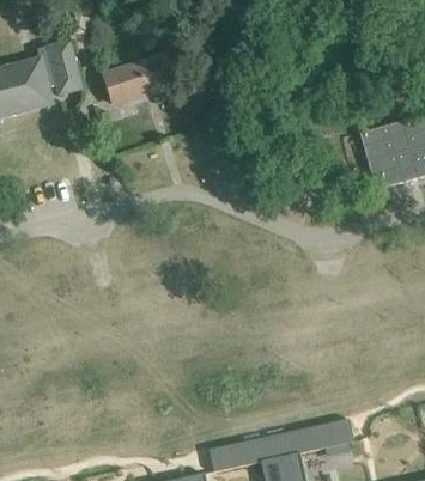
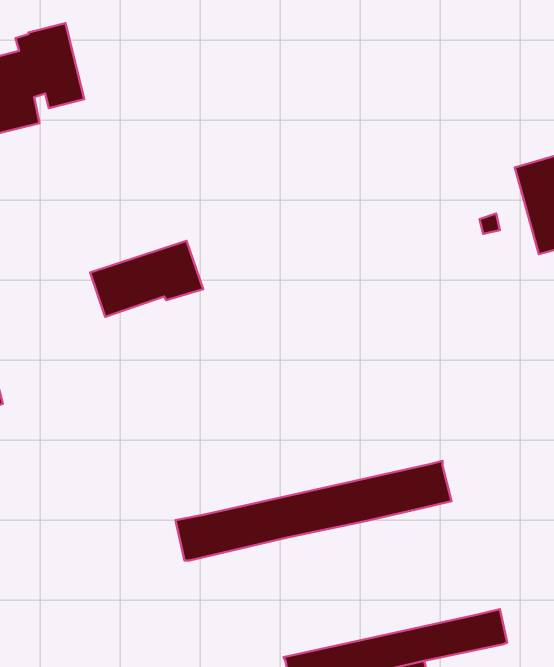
building: [102,55,175,104] -> [90,241,203,317]
building: none -> [176,461,452,560]

